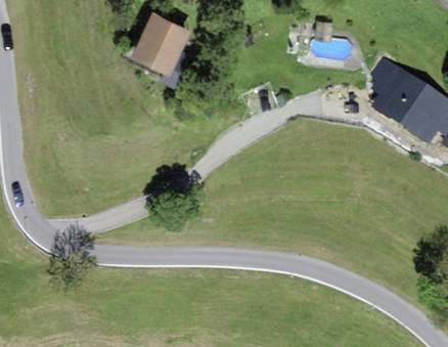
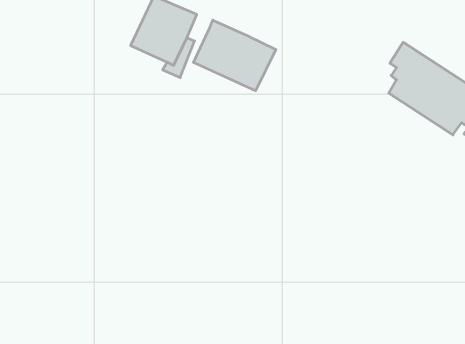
building: none -> [193,20,276,91]

